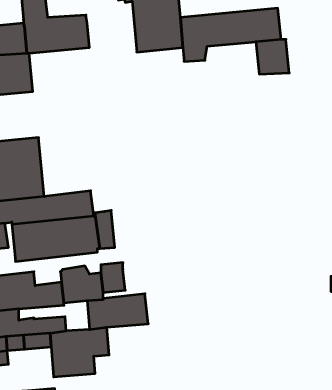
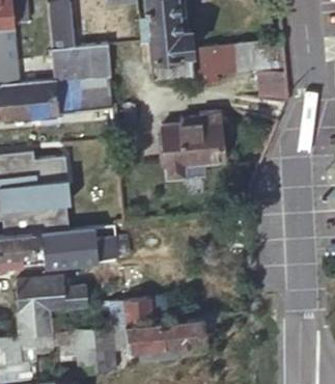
building: none -> [55,76,112,115]
building: none -> [162,121,223,177]
building: none -> [124,319,217,362]

